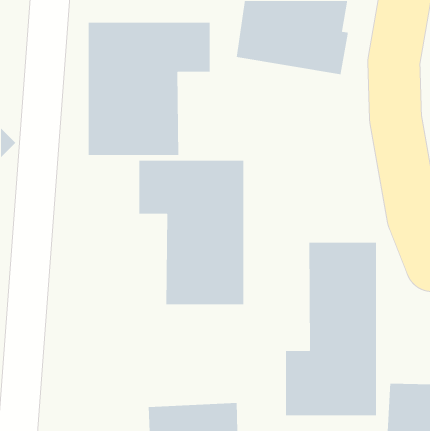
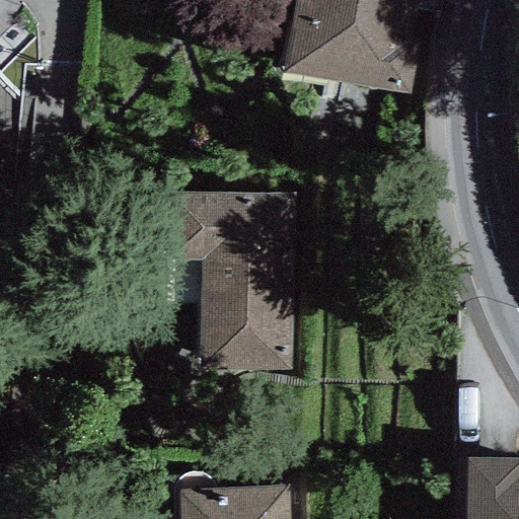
building: [88,22,210,156] -> none
building: [285,242,377,416] -> none

